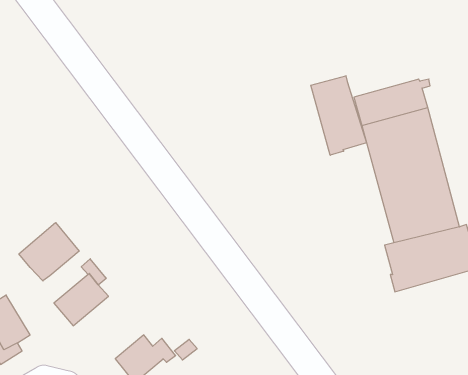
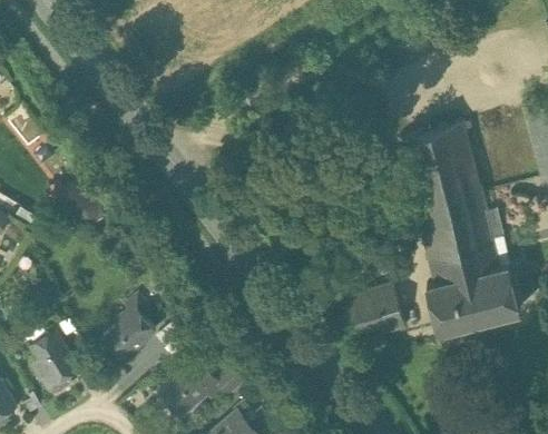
building: [311,76,367,155] -> none
building: [19,223,79,281] -> none
building: none -> [342,276,411,338]

